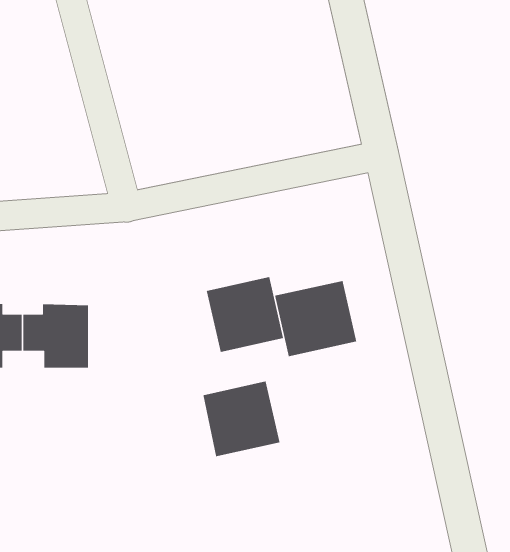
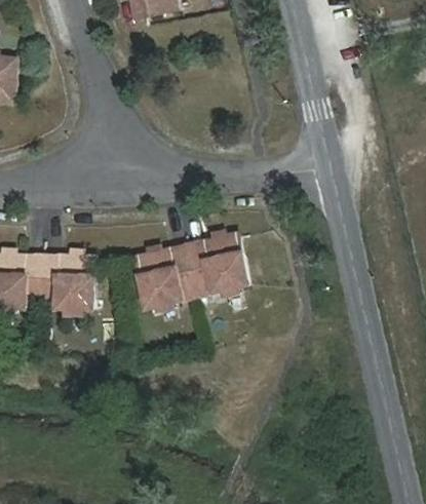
building: [274,280,357,357] -> none
building: [202,380,280,457] -> [134,246,196,307]

